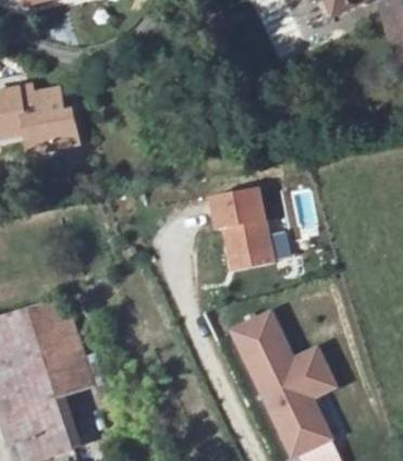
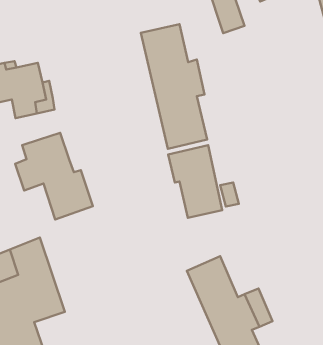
building: none -> [141,24,207,149]
building: none -> [15,133,93,219]

